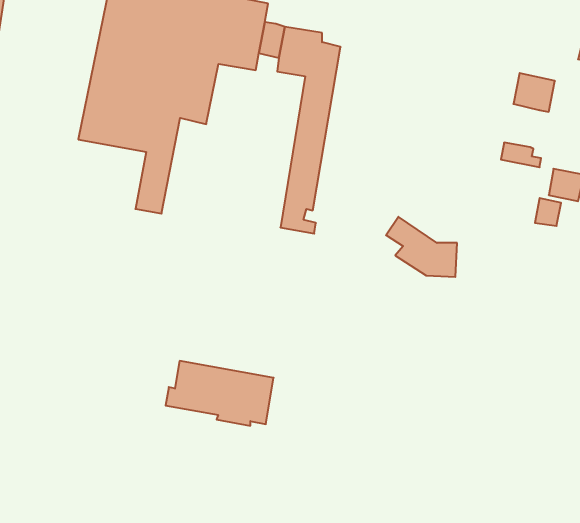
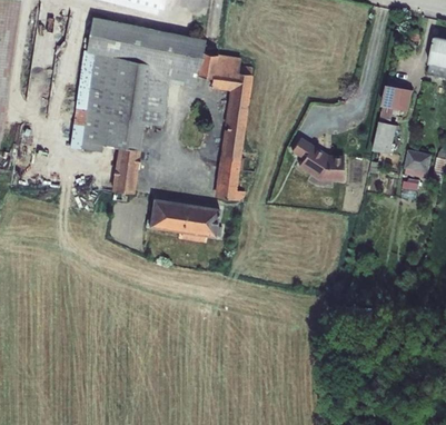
building: none -> [376,109,402,140]
building: [386,217,457,277] -> [291,137,343,180]
building: [166,361,274,426] -> [139,198,217,245]

